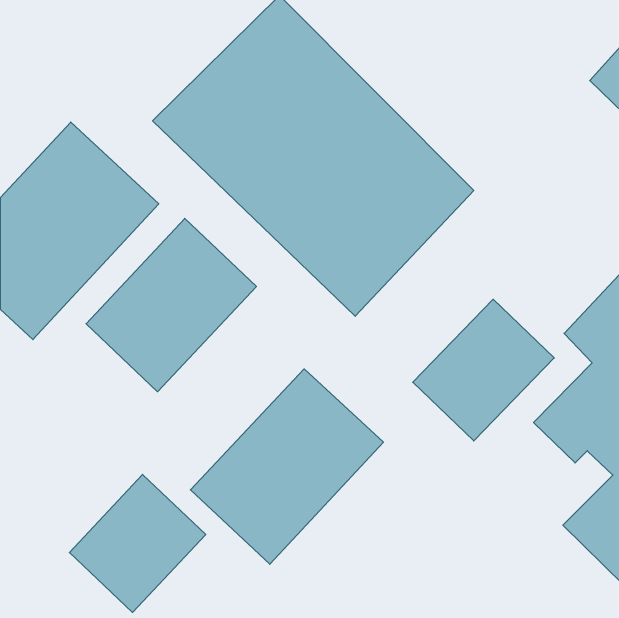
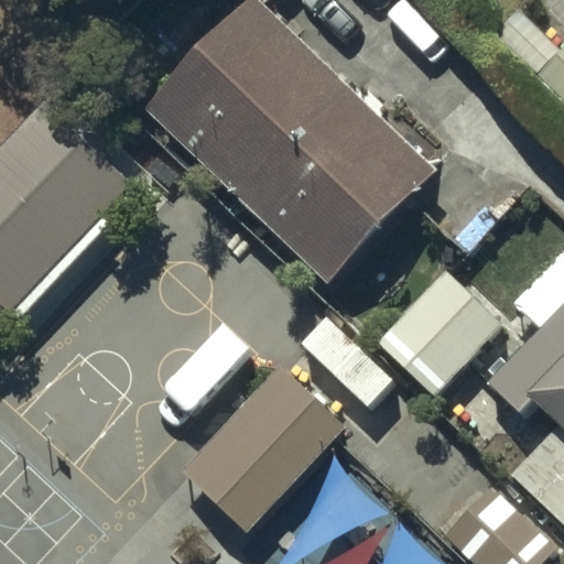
building: [86,218,256,392] -> none
building: [69,474,206,612] -> none

